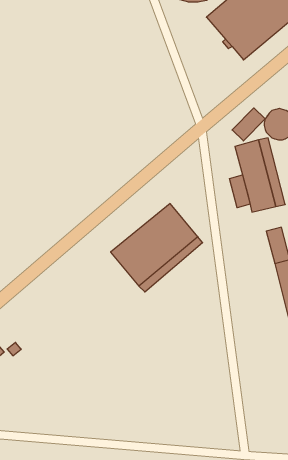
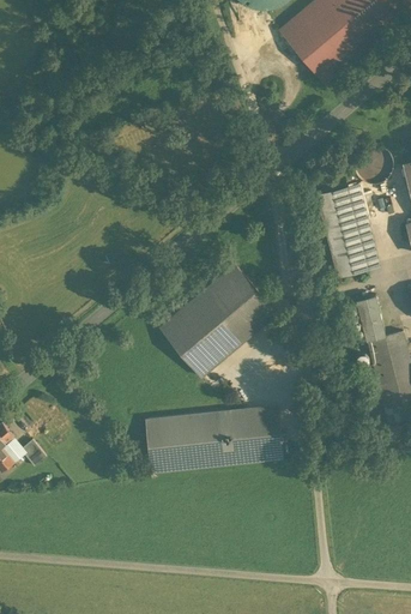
building: [232,108,265,141] -> none
building: [230,175,250,208] -> none
building: none -> [145,405,280,471]

